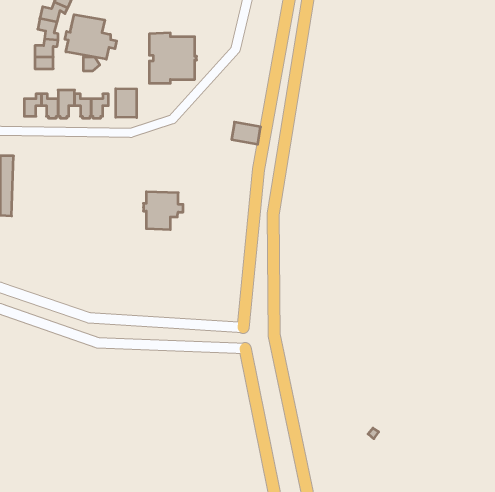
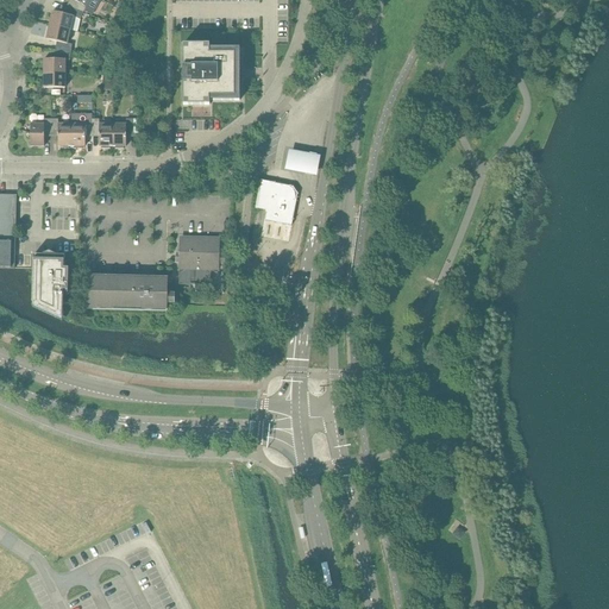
building: [65,15,117,59] -> none
building: [116,89,137,118] -> none
building: none -> [256,180,297,225]
building: none -> [32,249,68,319]
building: none -> [86,272,167,308]

